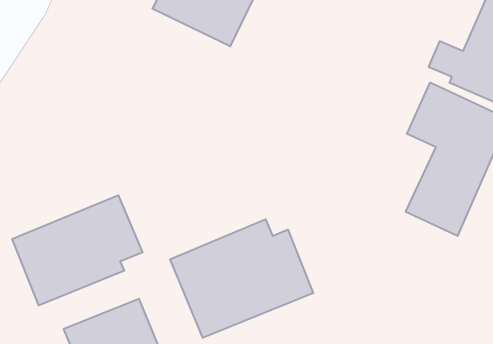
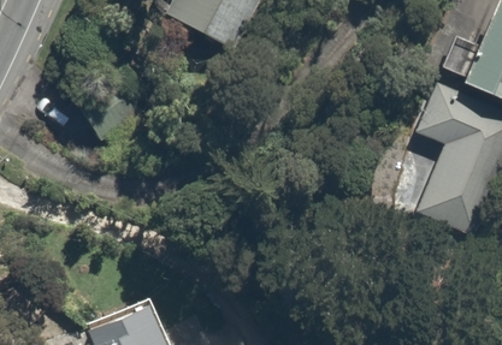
building: [12,195,143,305] -> none
building: [170,219,313,338] -> none

